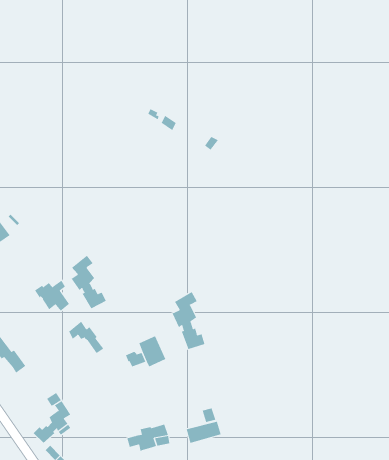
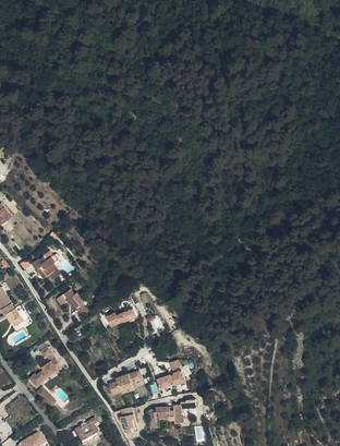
building: [71,255,107,309] -> none
building: [172,291,205,350] -> none

